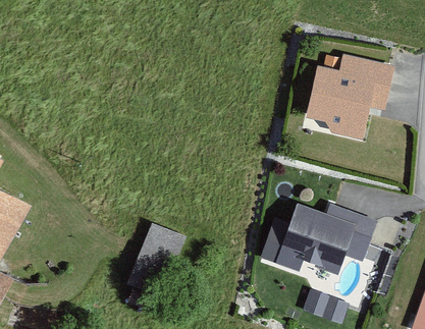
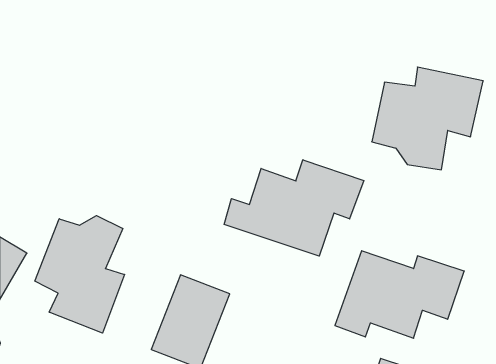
building: none -> [224,160,364,256]
building: none -> [35,216,125,333]

